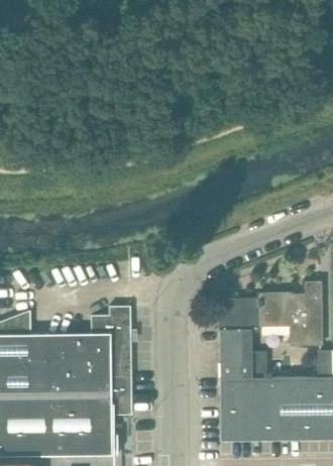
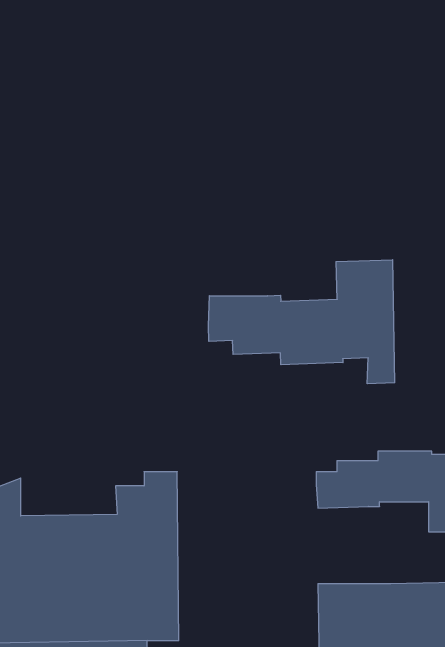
building: none -> [208,260,395,384]
building: [220,329,266,378] -> none

